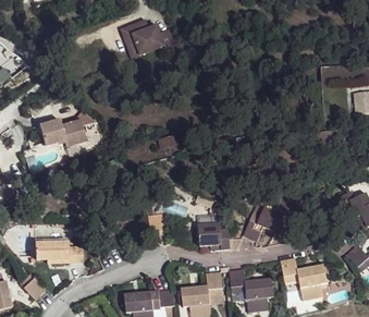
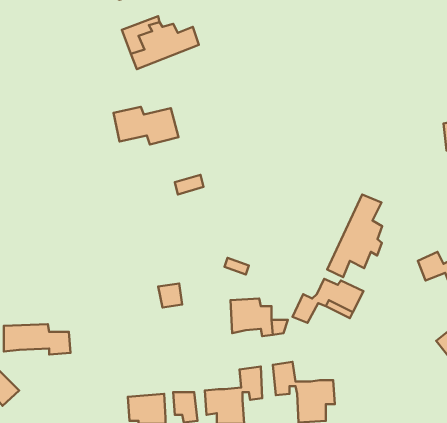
building: [39,118,86,145] -> [114,107,179,145]
building: none -> [327,195,382,277]
building: [281,258,327,300] -> none

